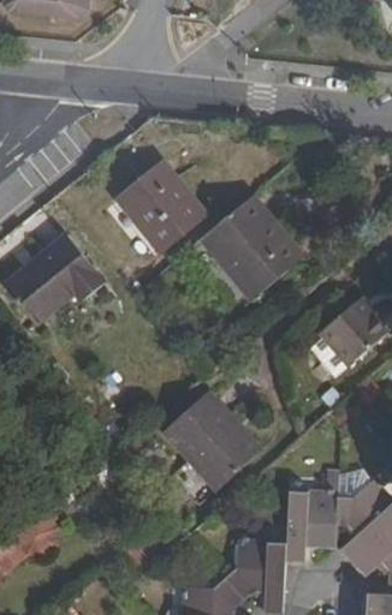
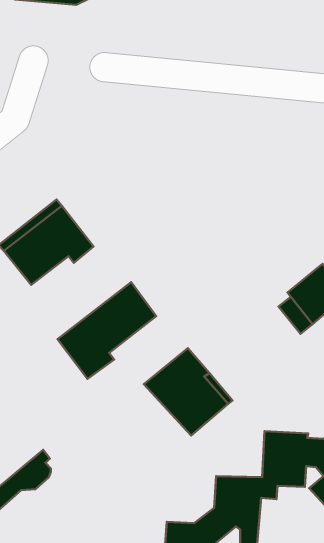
building: [119,161,206,250] -> none
building: [204,197,303,299] -> none
building: none -> [57,282,156,379]

